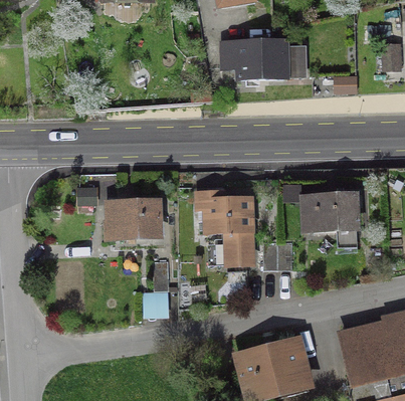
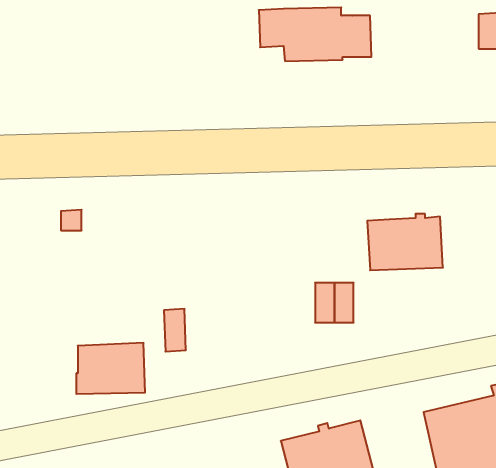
building: [197,190,251,263] -> none
building: [108,200,158,237] -> [76,343,145,394]

